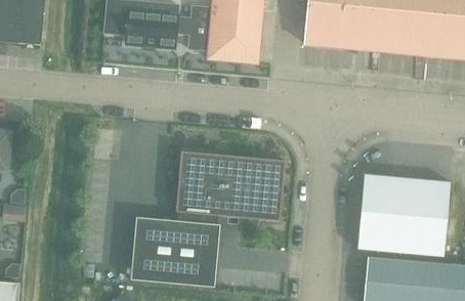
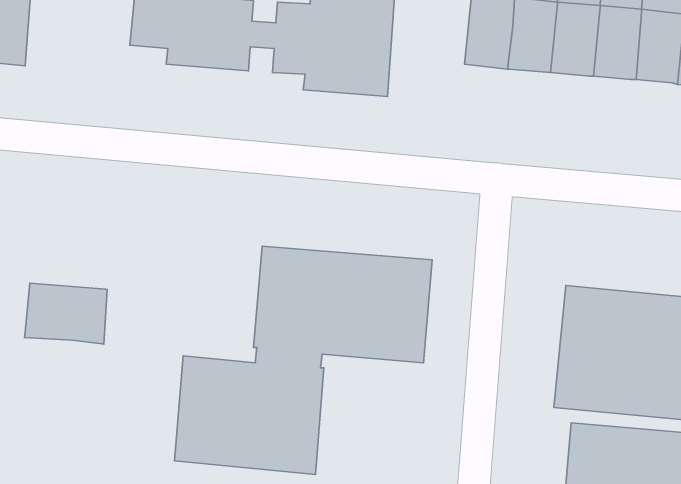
building: none -> [25,283,107,344]

